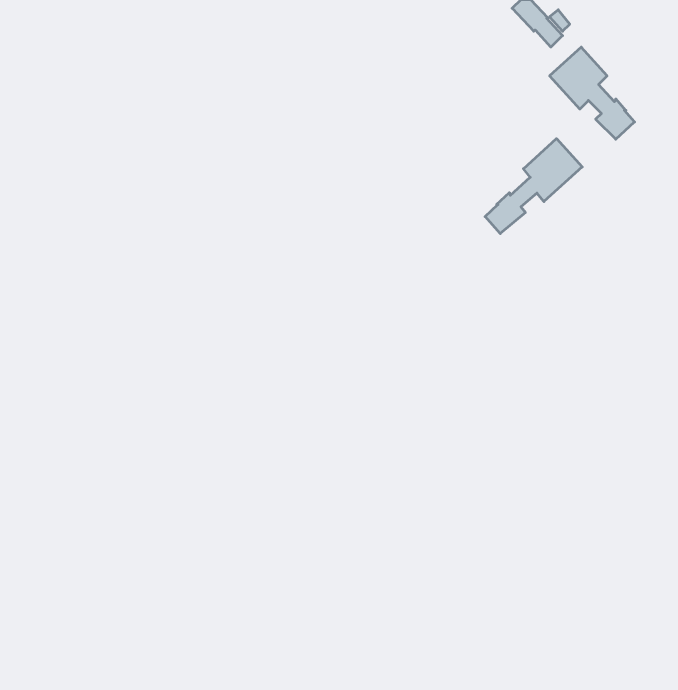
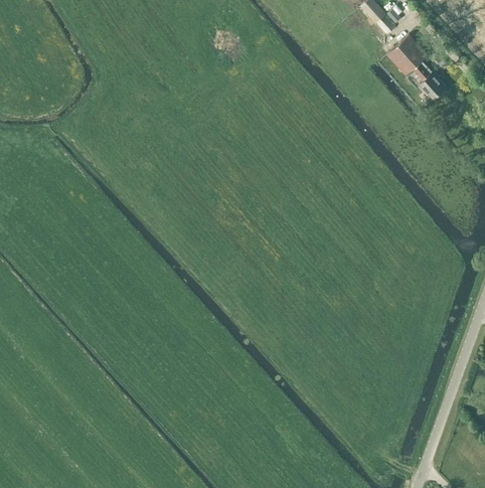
building: [485,139,582,234] -> none

